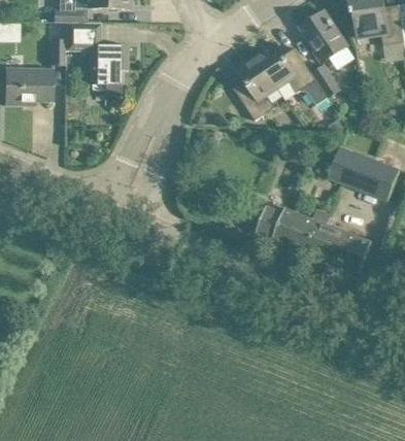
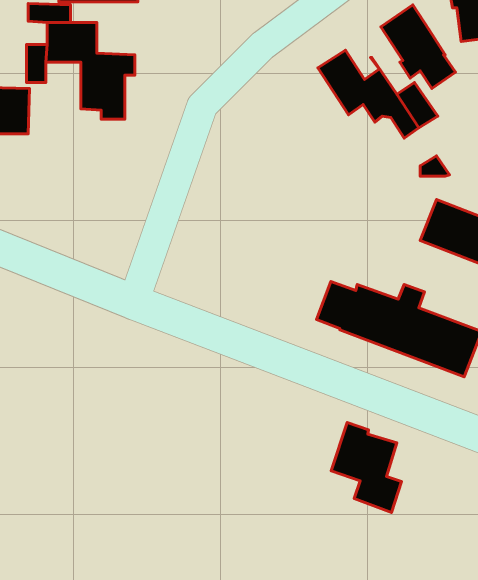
building: [233,54,277,118] -> none
building: none -> [331,422,402,513]

